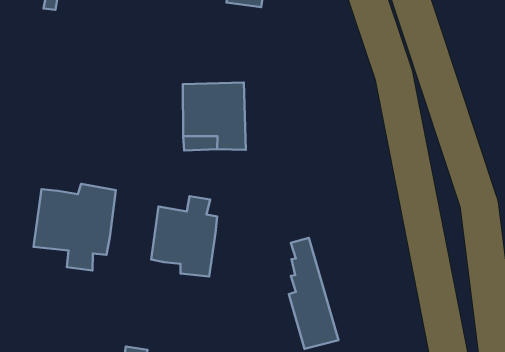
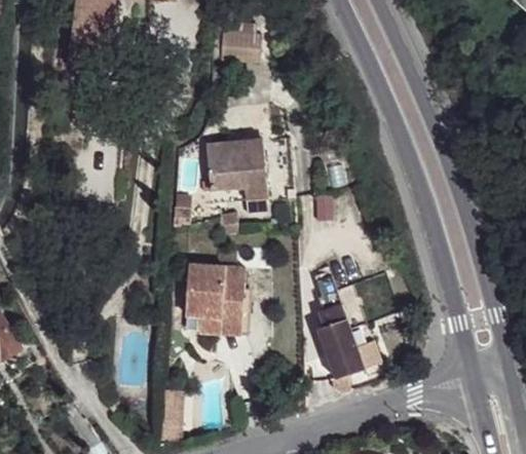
building: [33,184,116,270] -> none
building: none -> [195,277,249,329]

